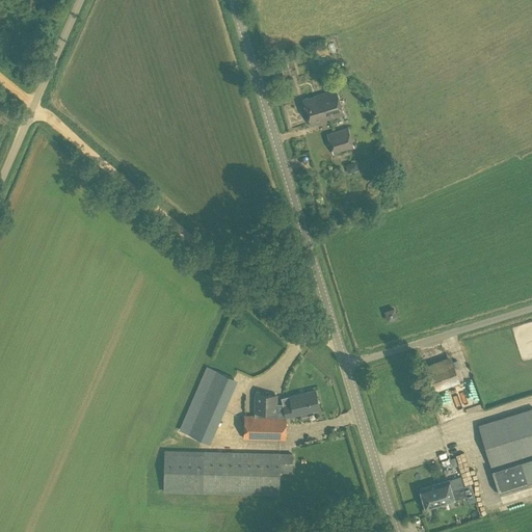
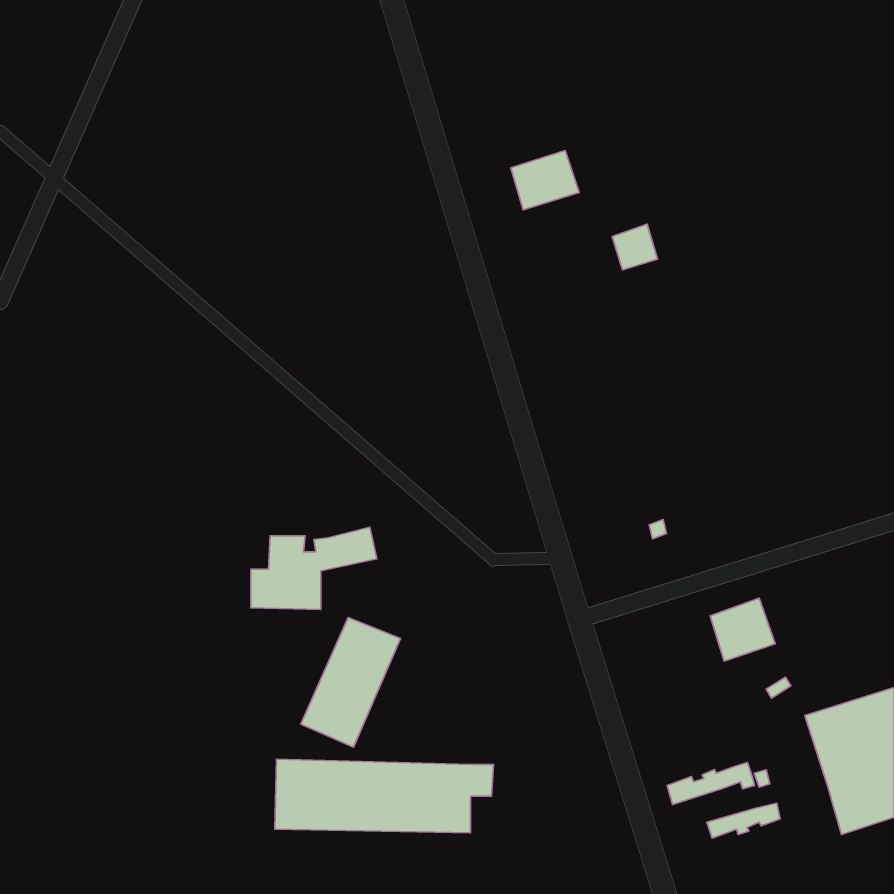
building: [327,127,354,154] -> [612,224,658,270]
building: [244,391,319,440] -> [251,527,377,609]
building: [423,484,475,509] -> [667,763,755,805]

